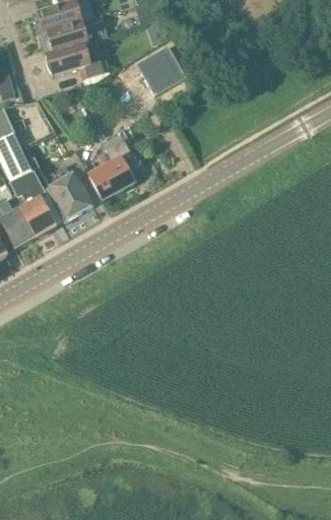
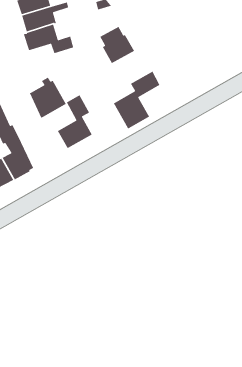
building: none -> [113,71,161,130]
building: [46,171,93,223] -> [29,77,67,119]

